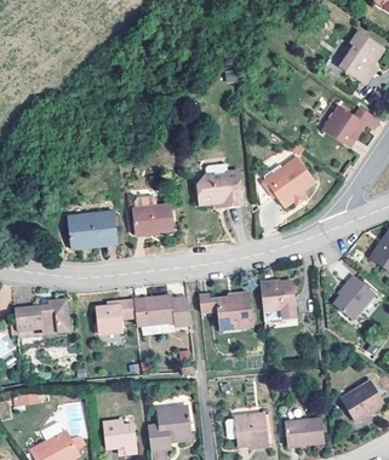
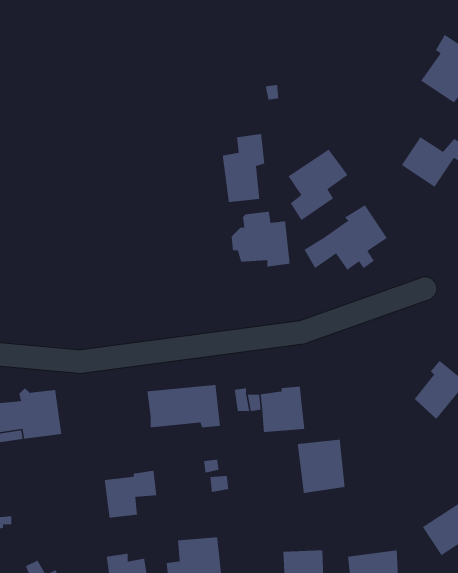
building: none -> [222,133,265,203]
building: none -> [288,149,349,221]
building: [133,196,172,235] -> none
building: [64,207,111,242] -> none
building: [261,281,297,322] -> [297,439,345,494]
building: [97,298,137,334] -> [104,470,157,518]

